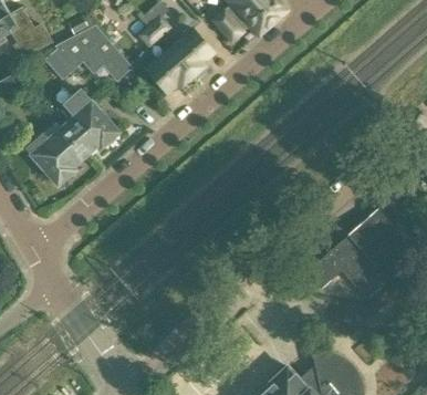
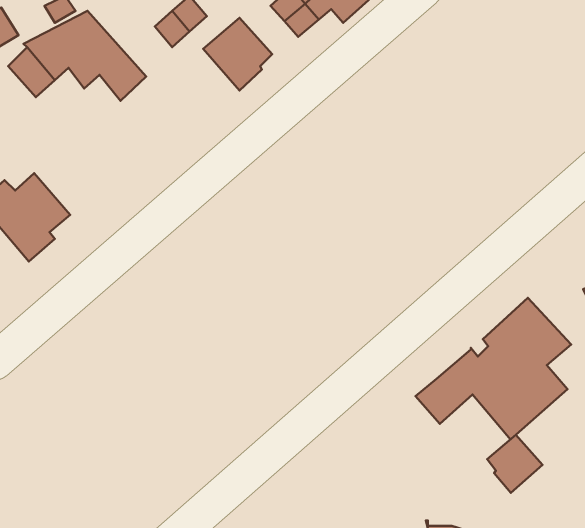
building: [146,50,192,94] -> none
building: [61,91,117,156] -> none
building: none -> [487,435,543,493]

